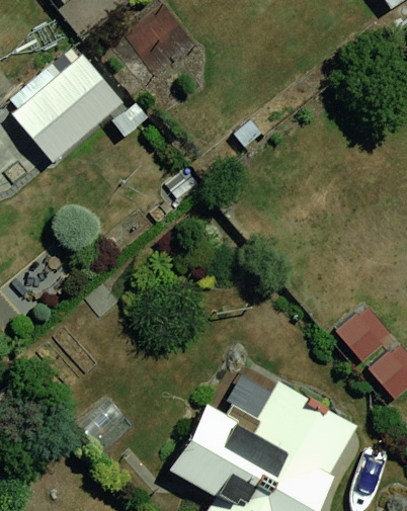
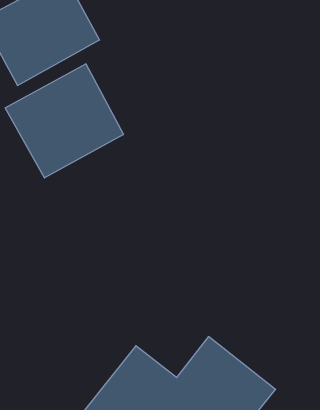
building: none -> [5,64,123,178]

